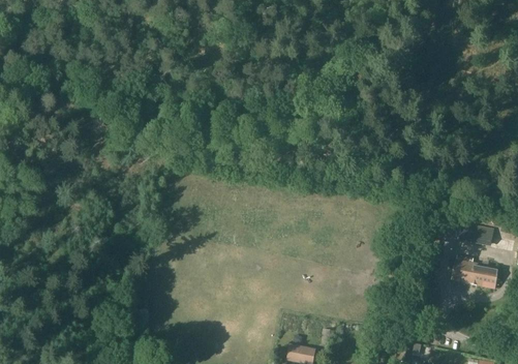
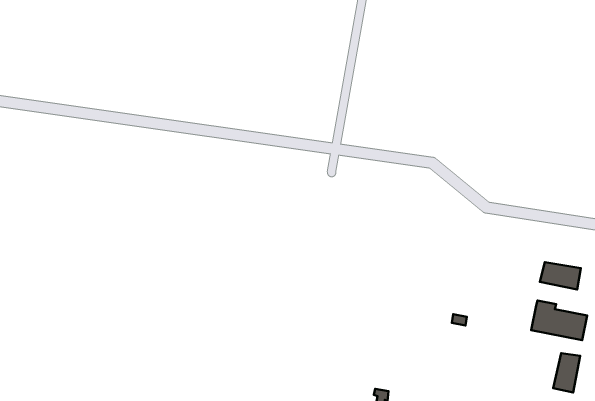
building: none -> [553,353,580,392]

